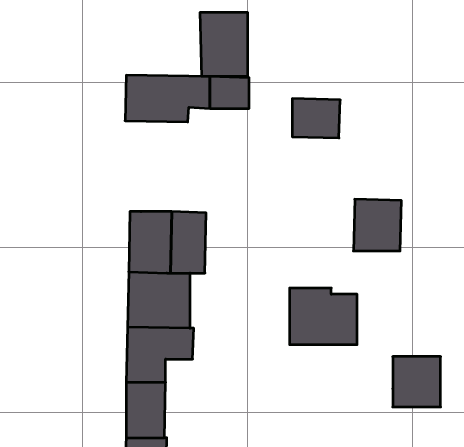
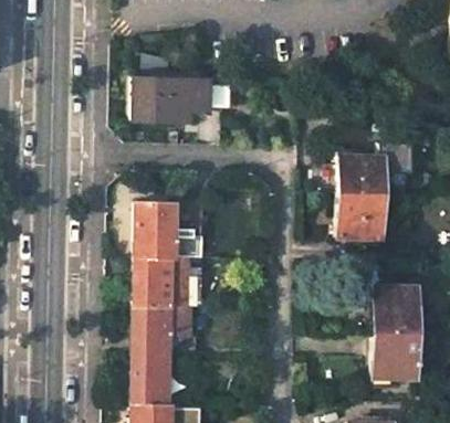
building: [200,12,247,76] -> none
building: [292,99,340,138] -> [342,157,385,192]
building: [290,288,357,345] -> [358,282,419,332]

